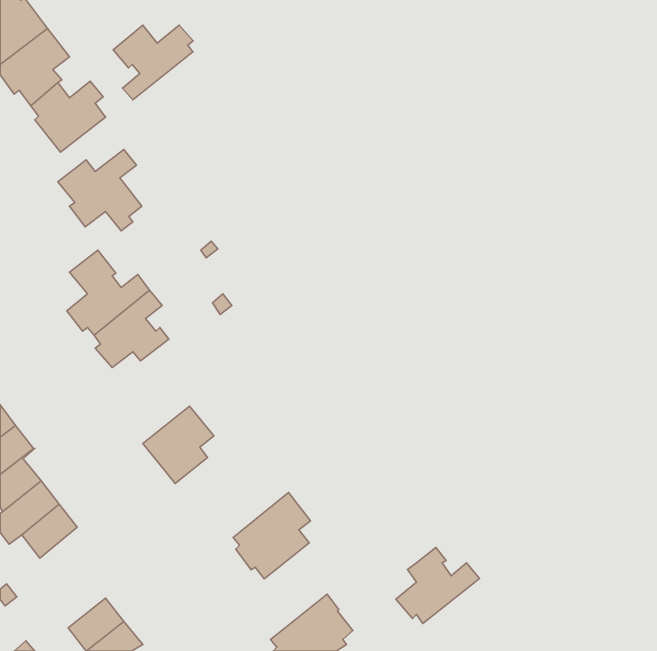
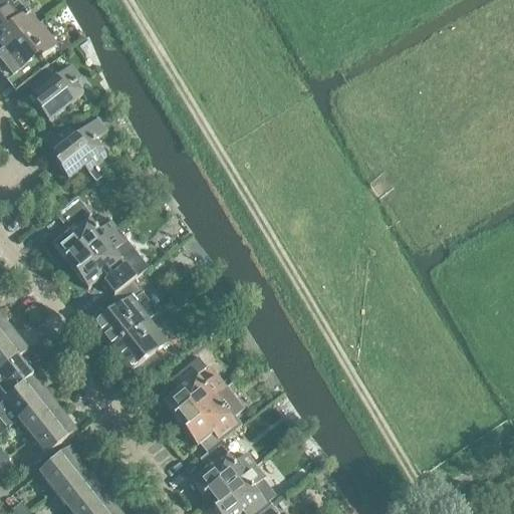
building: [113,25,193,100] -> none
building: none -> [94,264,149,345]
building: none -> [161,354,226,419]
building: none -> [32,411,76,453]
building: [396,548,480,624] -> [191,439,256,498]
building: none -> [39,447,83,489]

